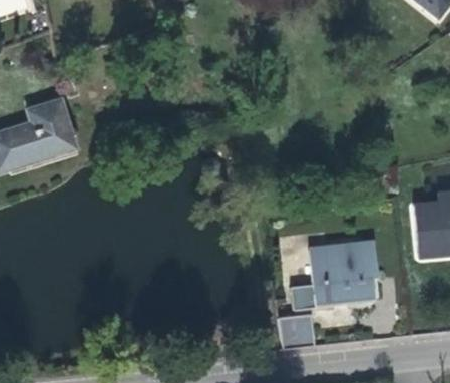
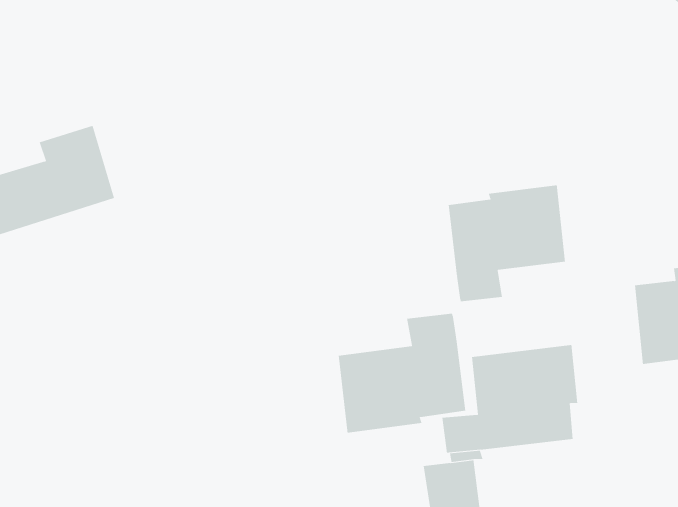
building: none -> [448,185,566,302]
building: none -> [338,313,466,433]

